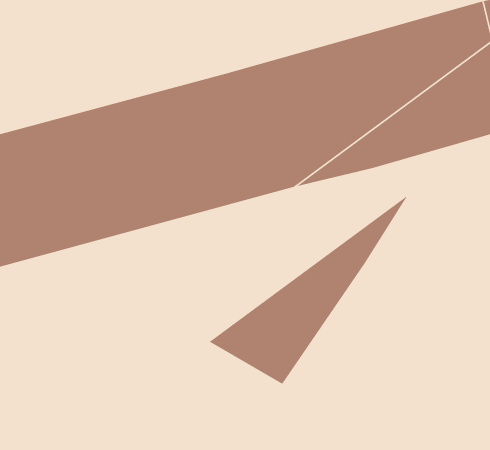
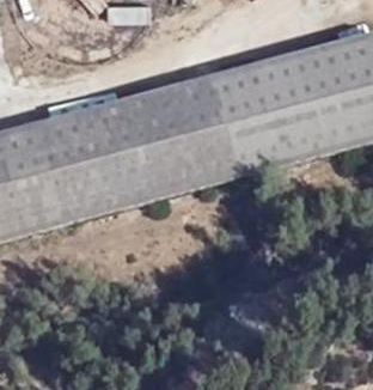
building: [209,193,410,385] -> none

